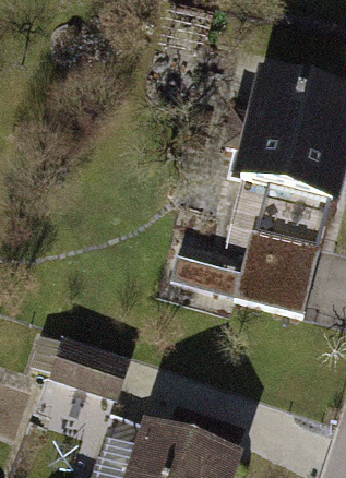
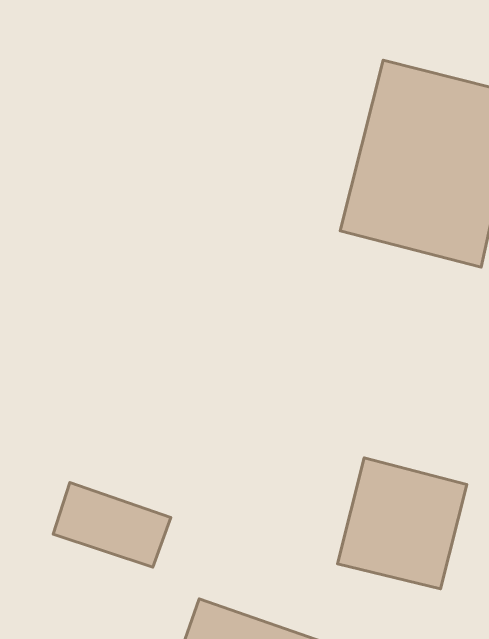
building: [230,224,315,310] -> [338,458,467,589]

